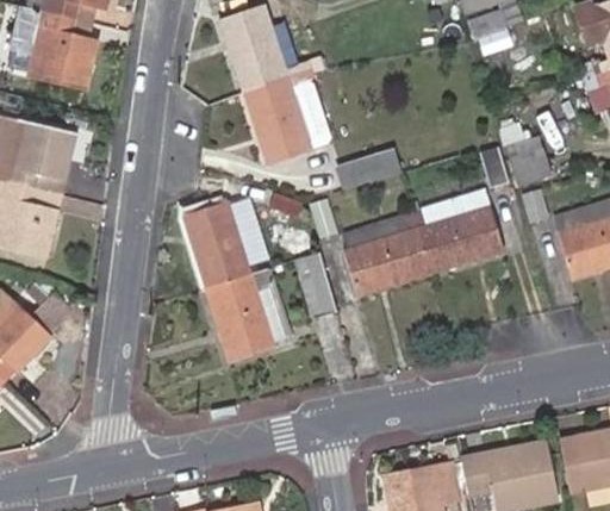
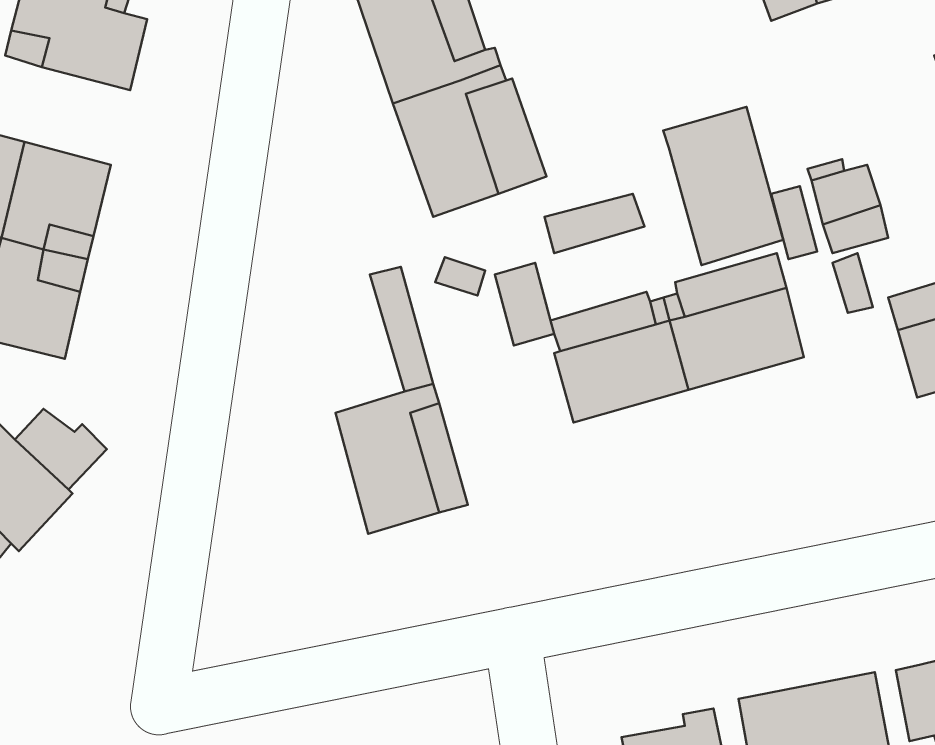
building: none -> [663,107,783,265]
building: [188,200,253,286] -> none
building: [298,253,340,320] -> none

